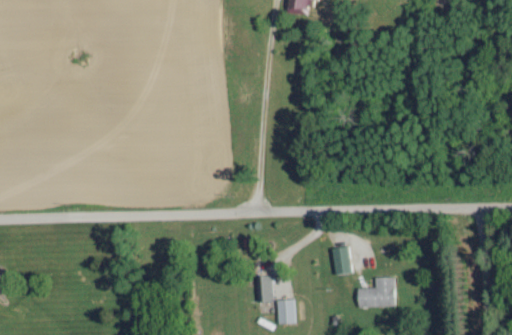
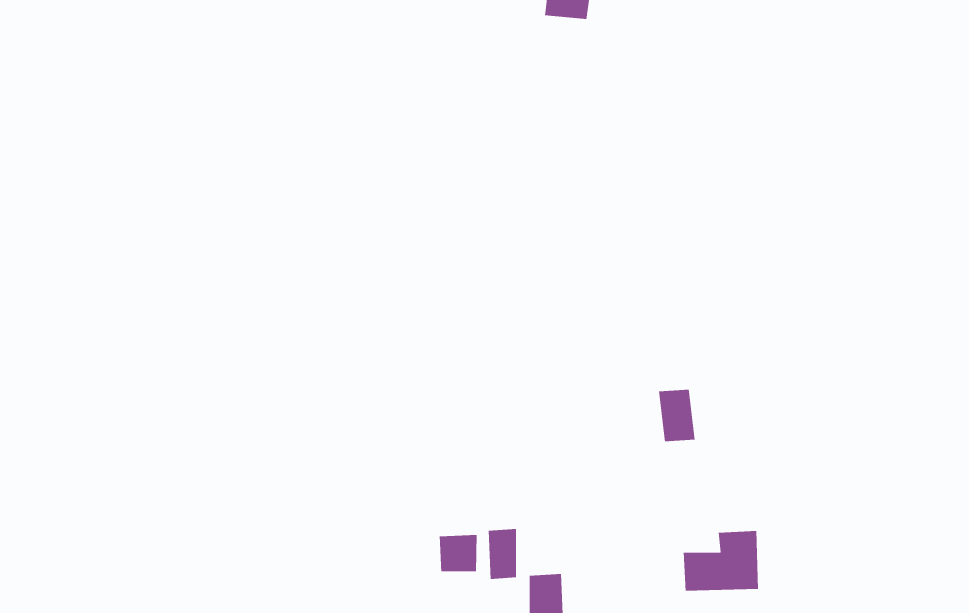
building: [332,247,351,274] -> [658,389,695,442]
building: none -> [439,534,477,572]

